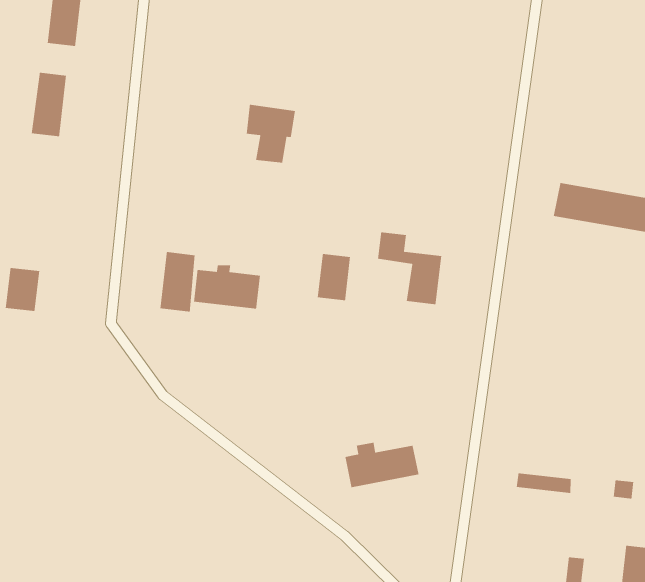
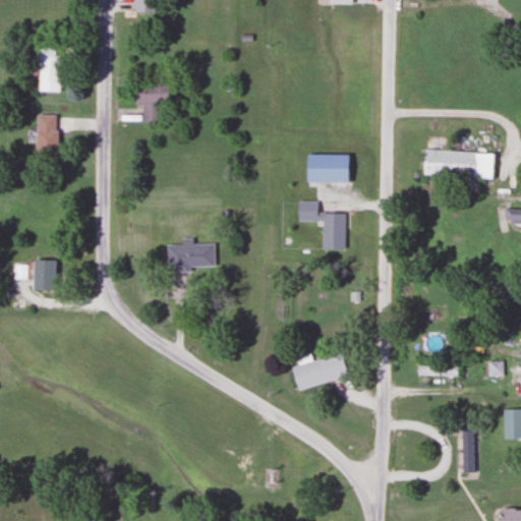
building: [246,104,296,164] -> [133,83,168,124]
building: none -> [305,156,349,183]
building: [160,251,196,312] -> none
building: [317,253,351,301] -> none

